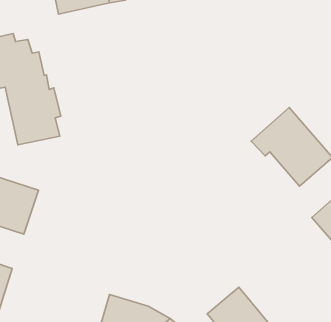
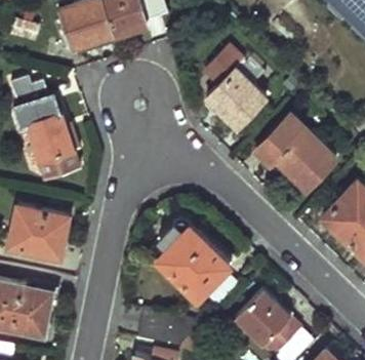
building: none -> [206,48,266,129]
building: none -> [155,227,229,298]

